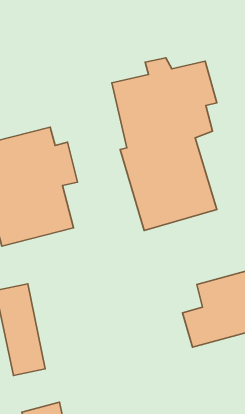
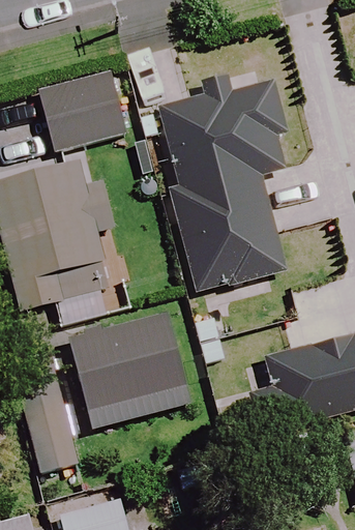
building: none -> [39,69,127,149]
building: none -> [70,313,190,430]

